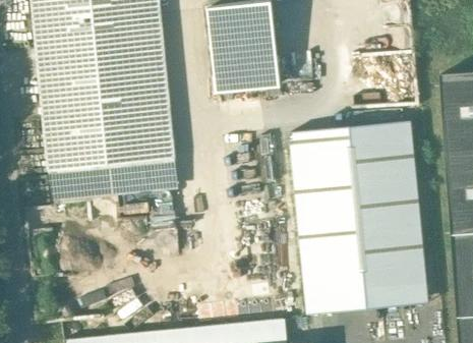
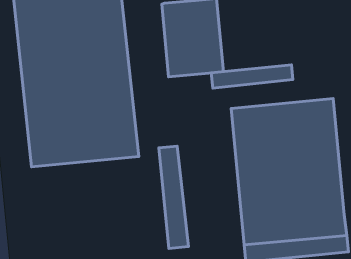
building: none -> [211,65,293,88]
building: none -> [159,146,188,249]

